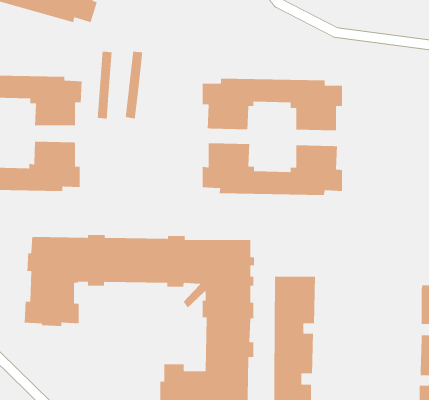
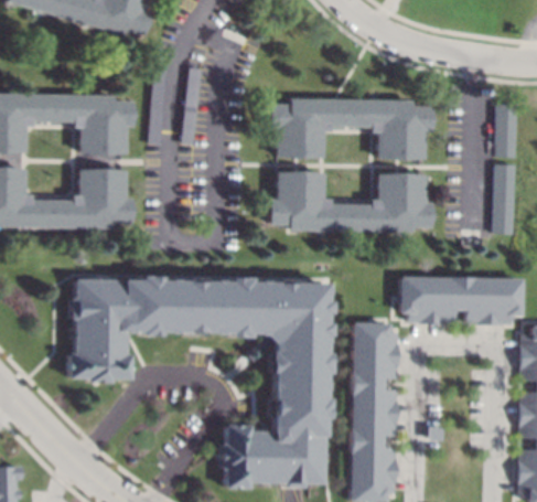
building: none -> [496,103,518,157]
building: none -> [493,163,516,233]
building: none -> [400,277,519,322]

